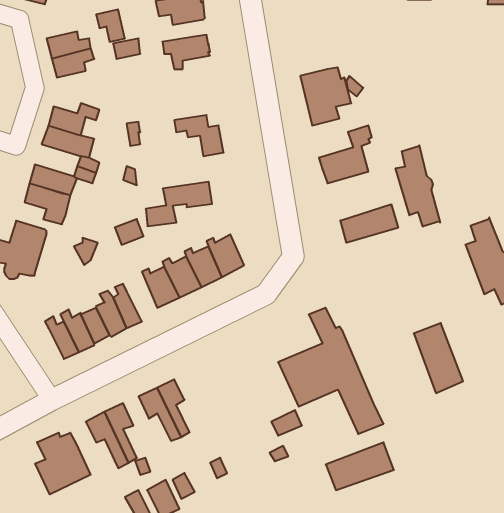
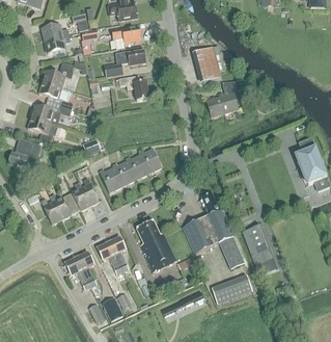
building: [396,145,440,227] -> none
building: [146,182,212,226] -> [104,49,144,76]
building: [340,204,398,243] -> none
building: [414,323,463,393] -> [242,225,272,267]
building: none -> [136,219,175,271]
building: [35,433,91,494] -> none

